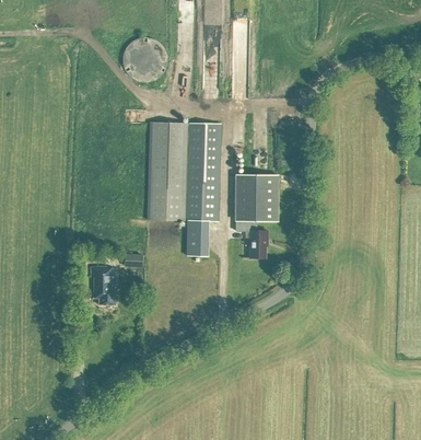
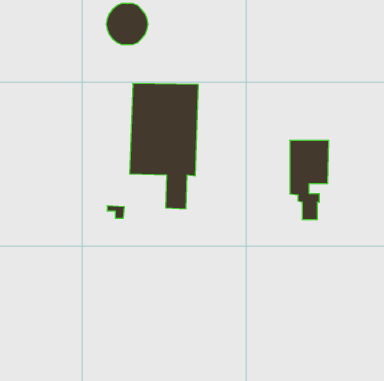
building: [236,173,278,257] -> [290,140,329,219]
building: [91,266,116,304] -> none

